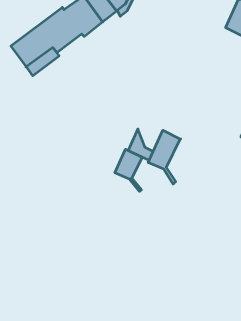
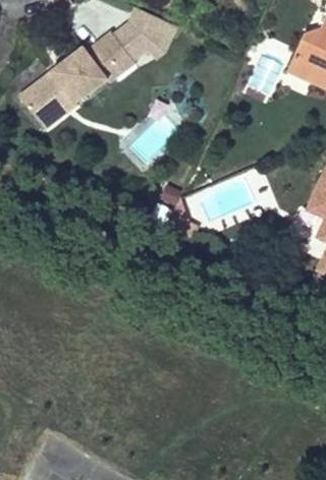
building: [148,130,181,184] -> none
building: [115,149,142,191] -> none

